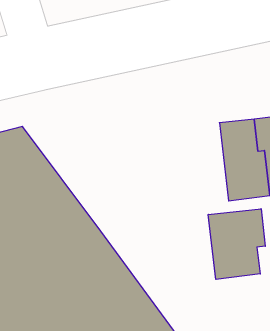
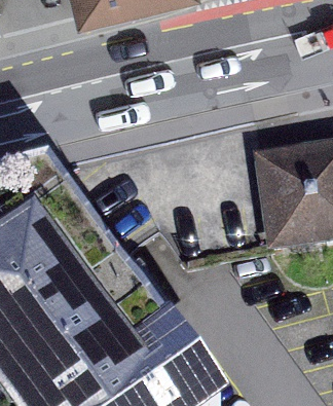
building: [208,209,265,279] -> none

